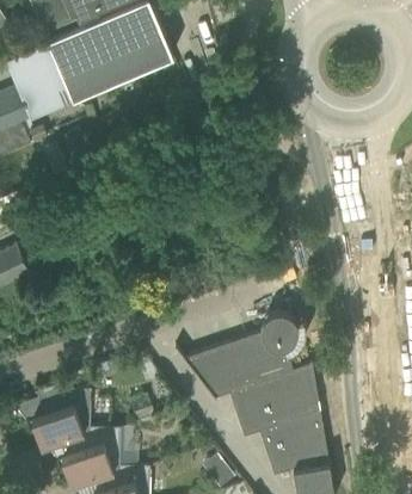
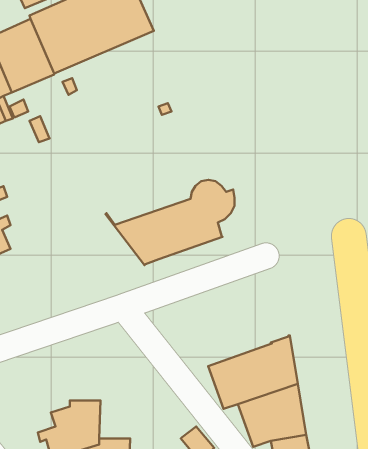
building: [176,314,306,400] -> [105,180,234,265]
building: [27,383,91,450] -> none

